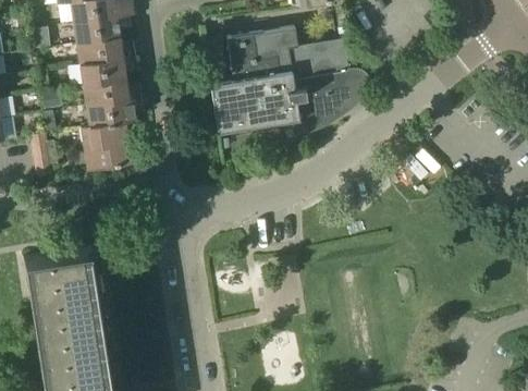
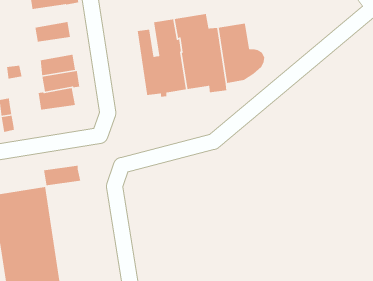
building: [73,16,119,45] -> none
building: [79,58,125,86] -> none
building: [84,144,132,171] -> [43,165,81,186]

